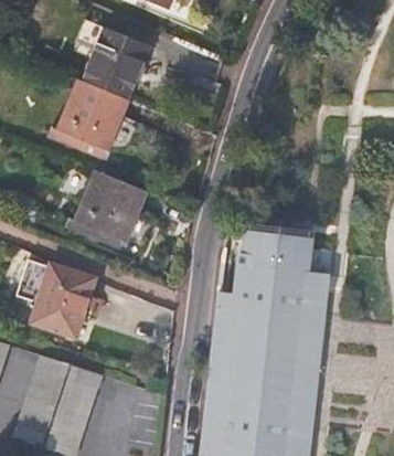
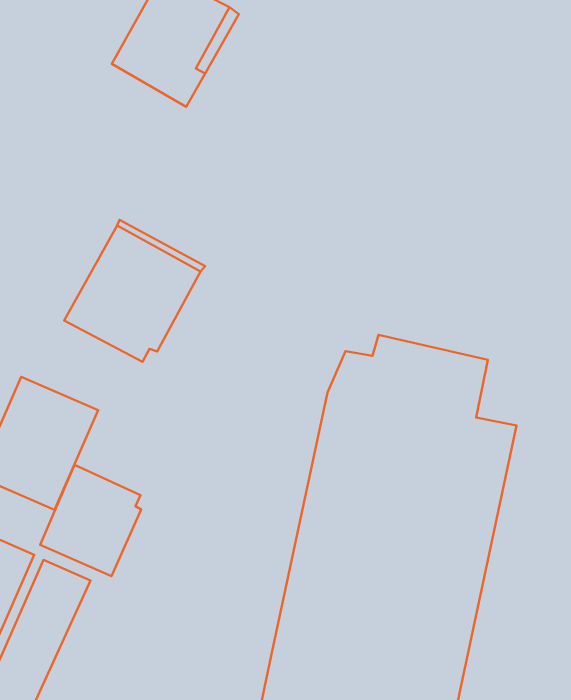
building: [49,83,126,153] -> none
building: none -> [40,465,141,576]

